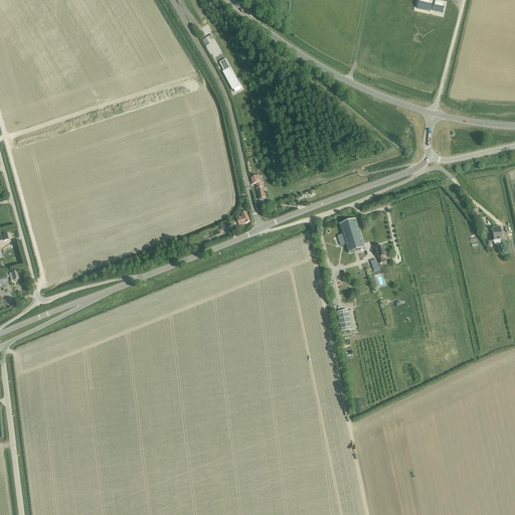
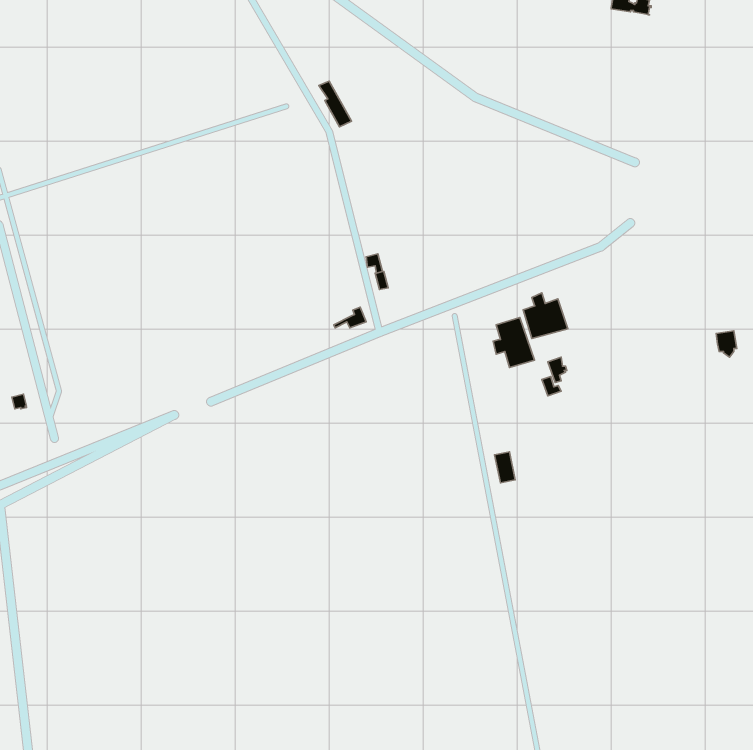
building: none -> [523,293,568,338]

